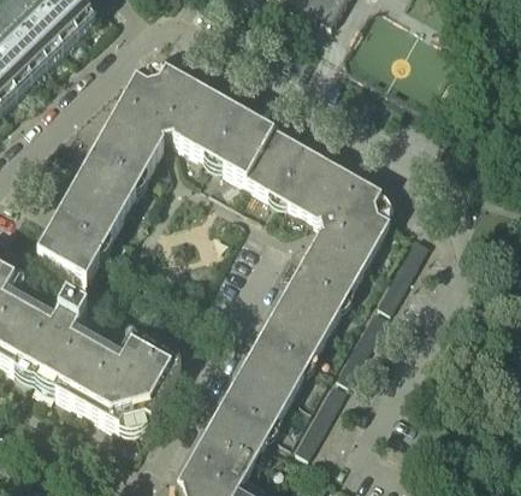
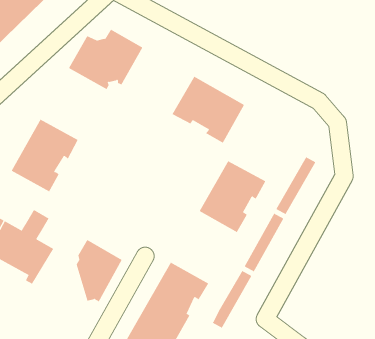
building: [180,89,273,175] -> none
building: [76,116,161,207] -> none
building: [310,163,391,260] -> none
building: [243,299,328,391] -> none
building: [66,347,136,424] -> none

